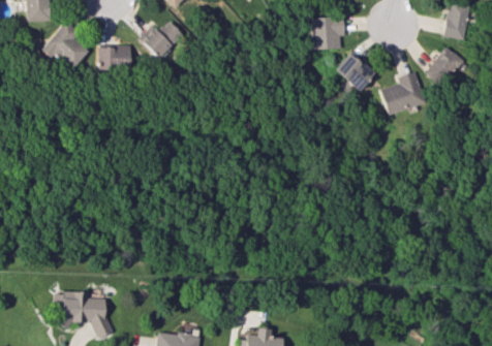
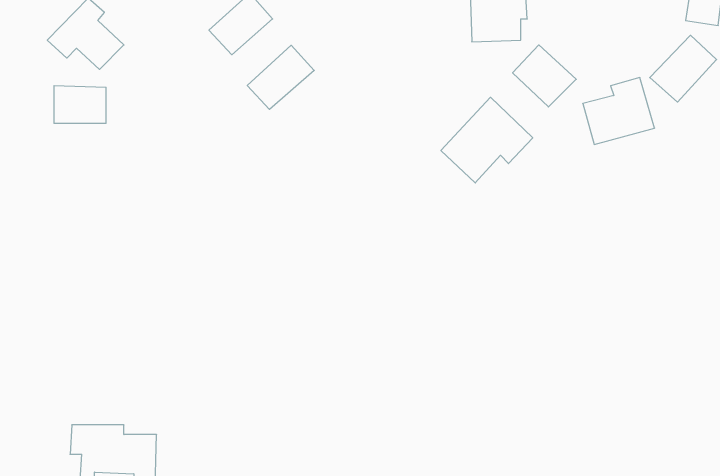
building: [98,45,131,69] -> [54,86,106,123]
building: none -> [247,45,314,109]
building: none -> [441,97,533,183]

